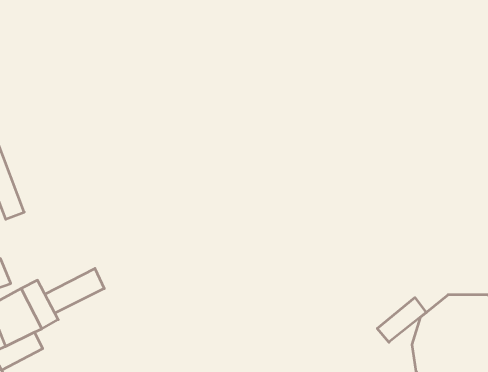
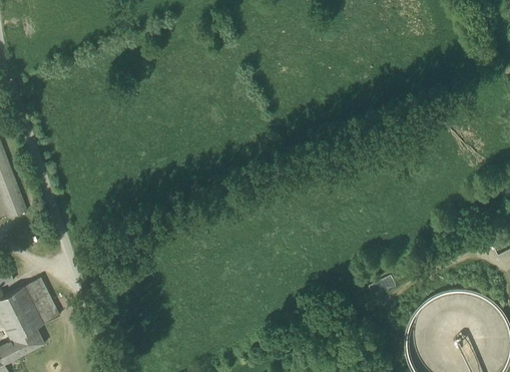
building: [45,268,104,313] -> none
building: [377,298,426,342] -> none

